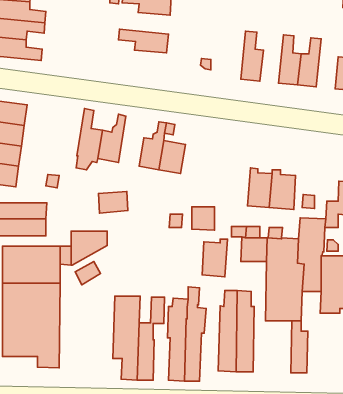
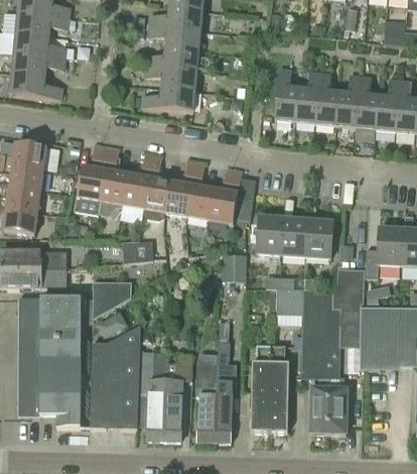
building: none -> [144,47,198,71]
building: none -> [294,71,319,123]
building: none -> [355,76,378,129]
building: none -> [141,88,194,112]
building: none -> [76,148,107,201]
building: none -> [143,158,170,220]
building: none -> [210,170,255,224]
building: [202,239,228,277] -> [257,214,284,254]
building: none -> [89,326,140,429]
building: none -> [310,377,328,433]

